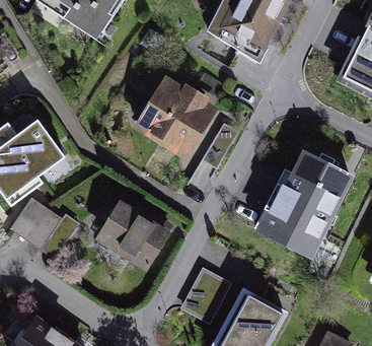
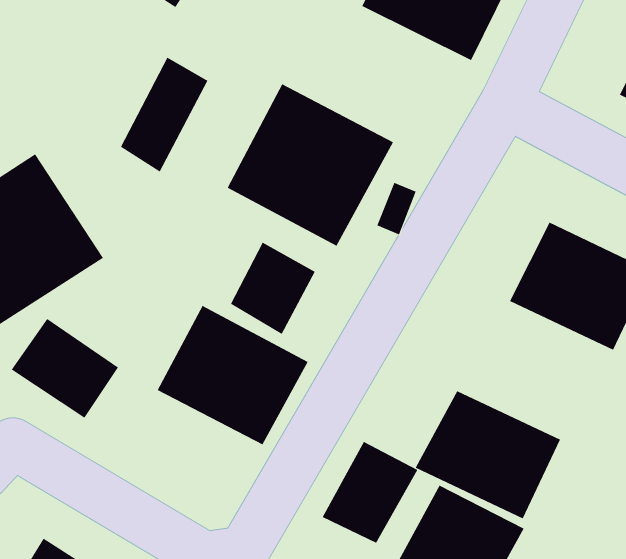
building: none -> [120,57,208,172]
building: none -> [230,242,316,335]
building: [257,191,336,260] -> [415,390,561,519]

